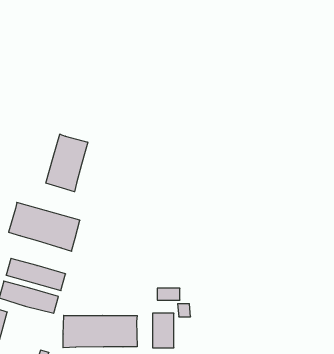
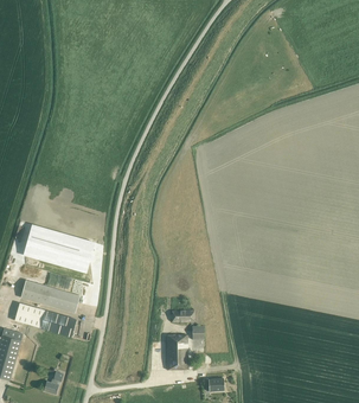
building: [46,134,88,192] -> none
building: [63,315,137,348] -> none

